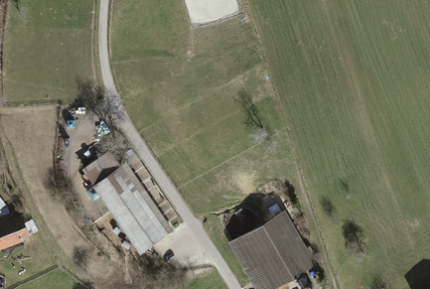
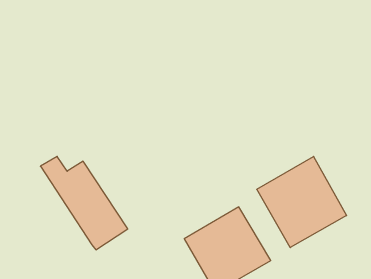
building: none -> [257,156,347,248]

